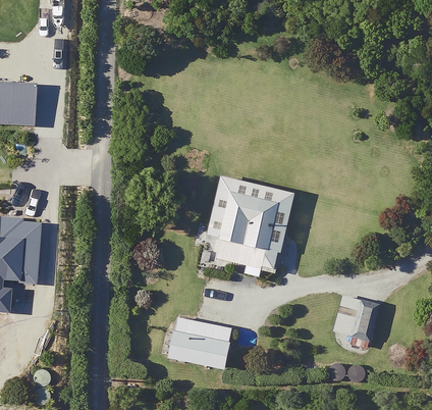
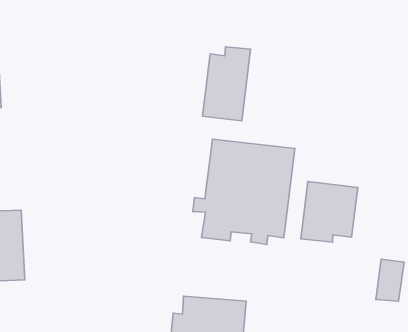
building: none -> [203,47,250,121]
building: none -> [301,182,358,242]

